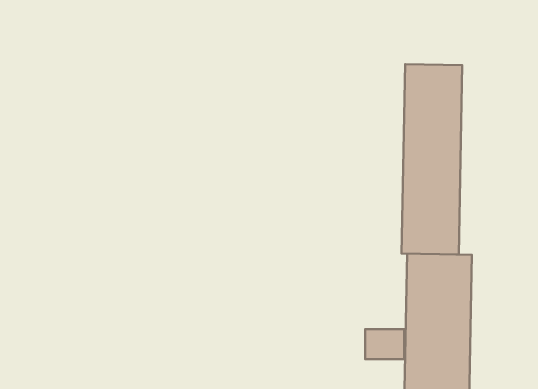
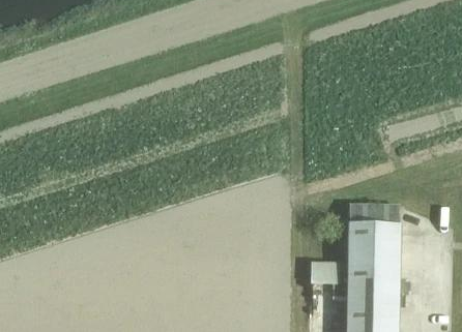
building: [402,64,462,254] -> none

